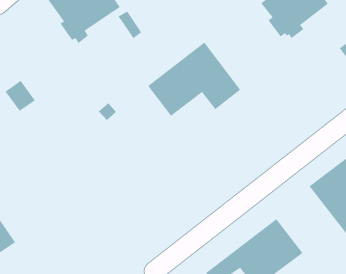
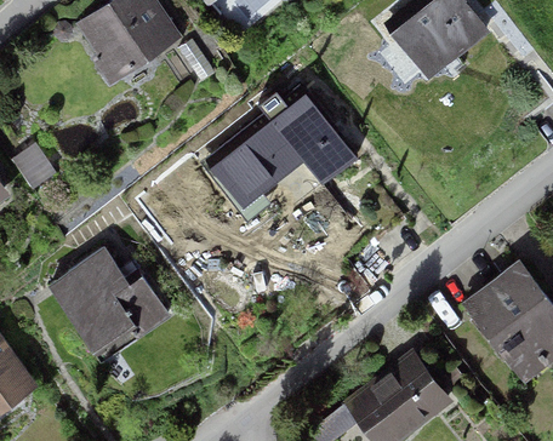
building: none -> [49,247,172,367]

